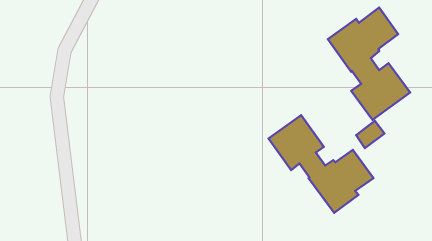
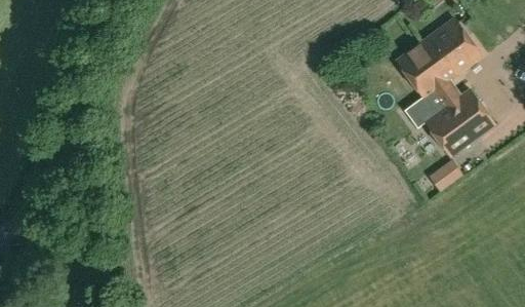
building: [268,115,374,213] -> none

